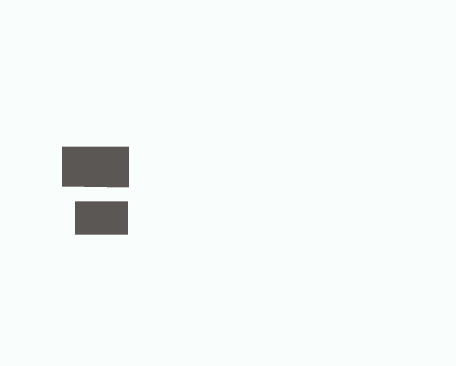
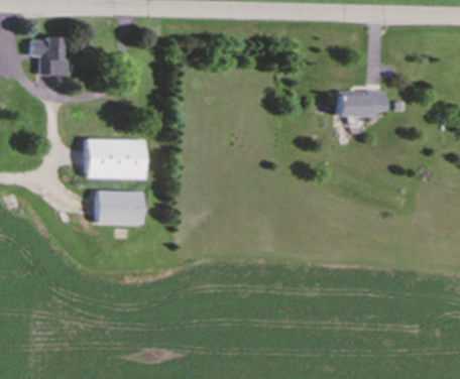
building: none -> [30,38,65,77]
building: none -> [330,93,382,118]

